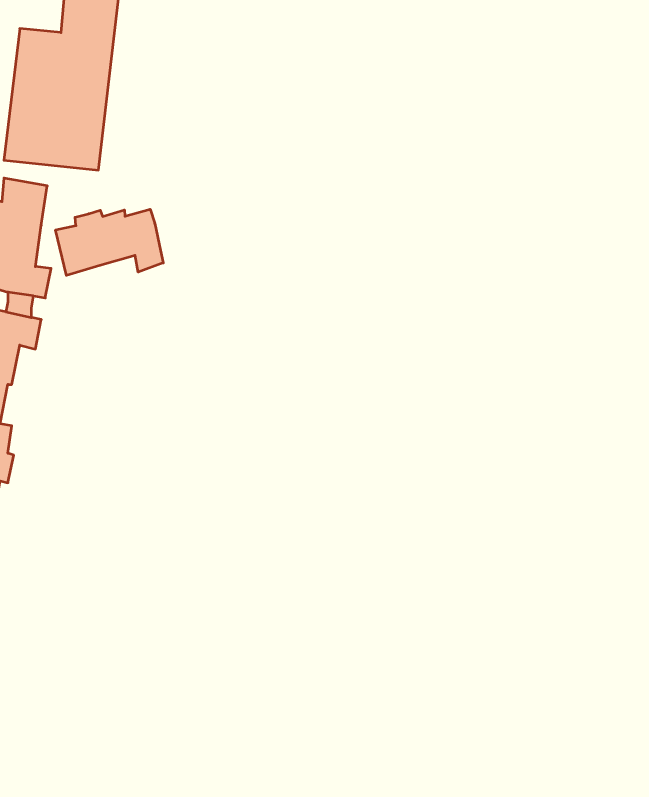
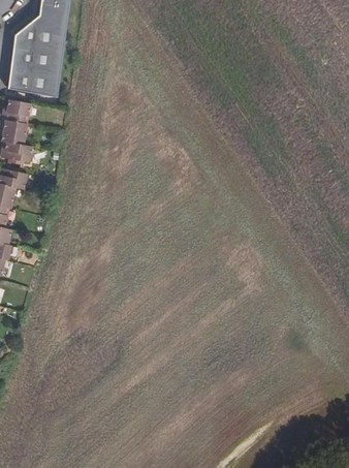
building: [56,209,163,275] -> none

